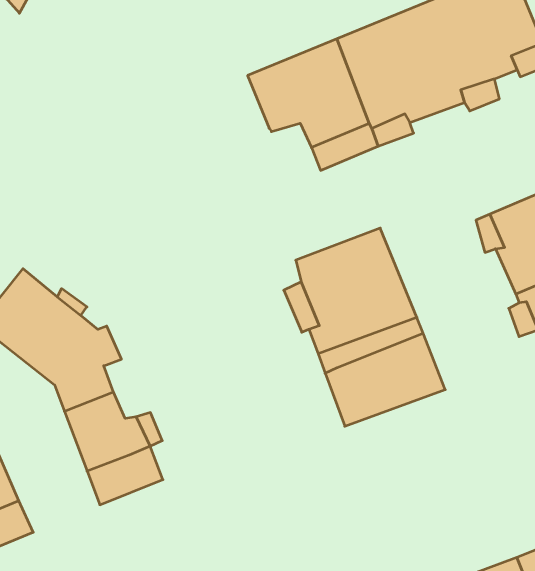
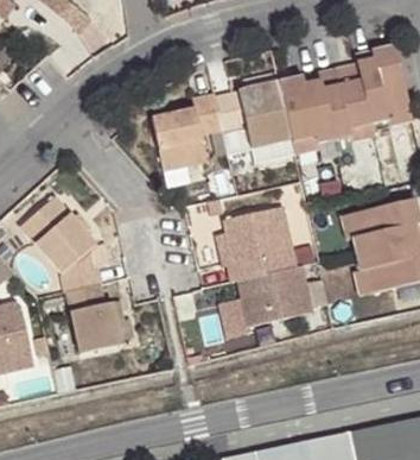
building: none -> [157,96,227,174]

